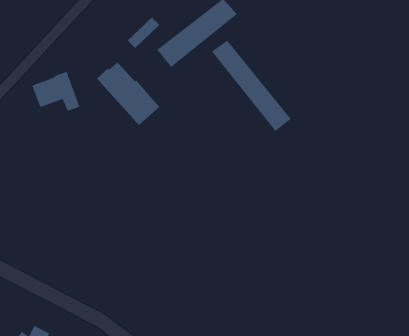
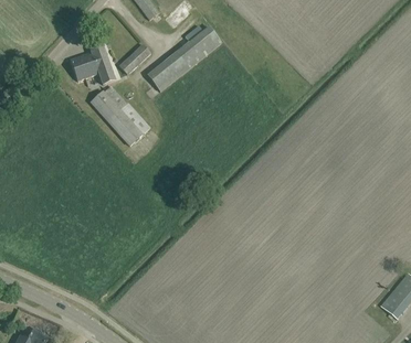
building: [211,40,292,132] -> none
building: [31,71,80,111] -> [68,46,114,84]

